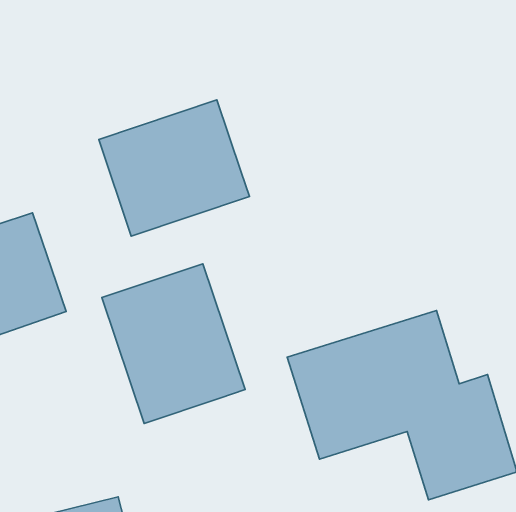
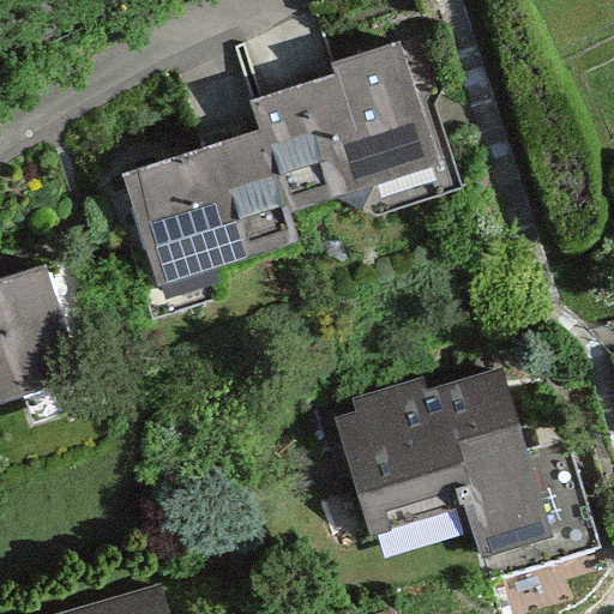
building: none -> [246,49,437,212]
building: [102,264,245,423] -> none

